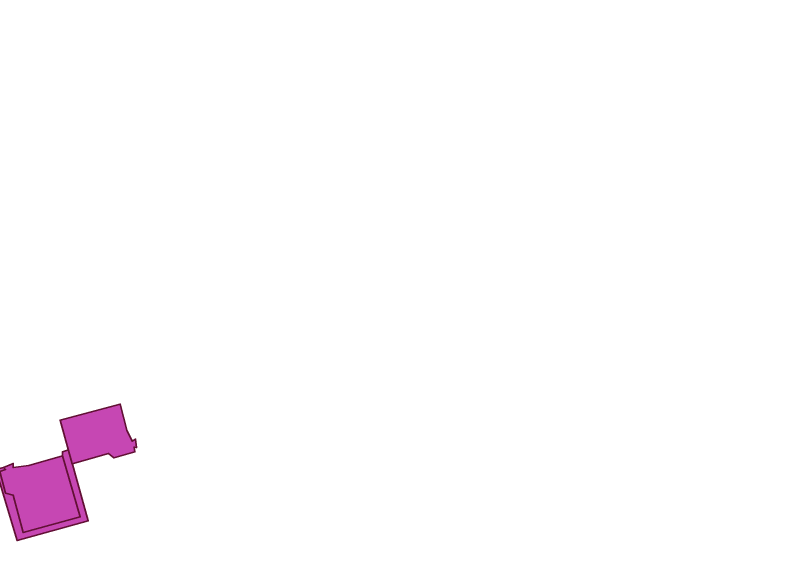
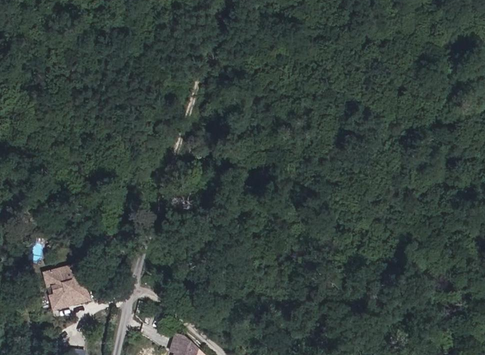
building: [60,404,137,464] -> none

